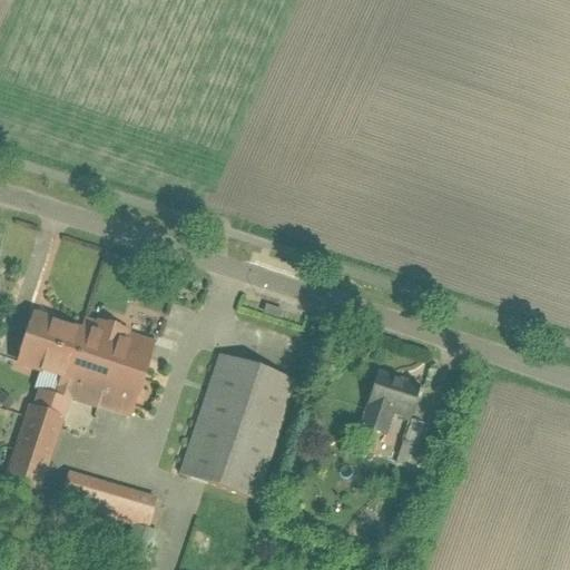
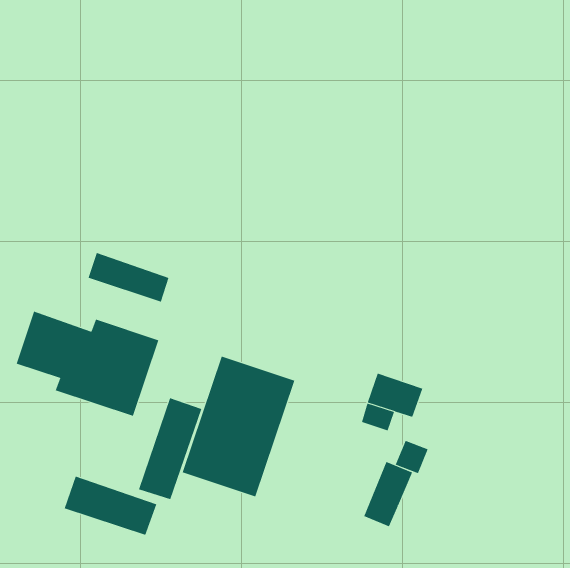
building: none -> [88,252,169,303]
building: [7,385,70,487] -> [138,398,202,500]
building: none -> [363,461,413,527]

